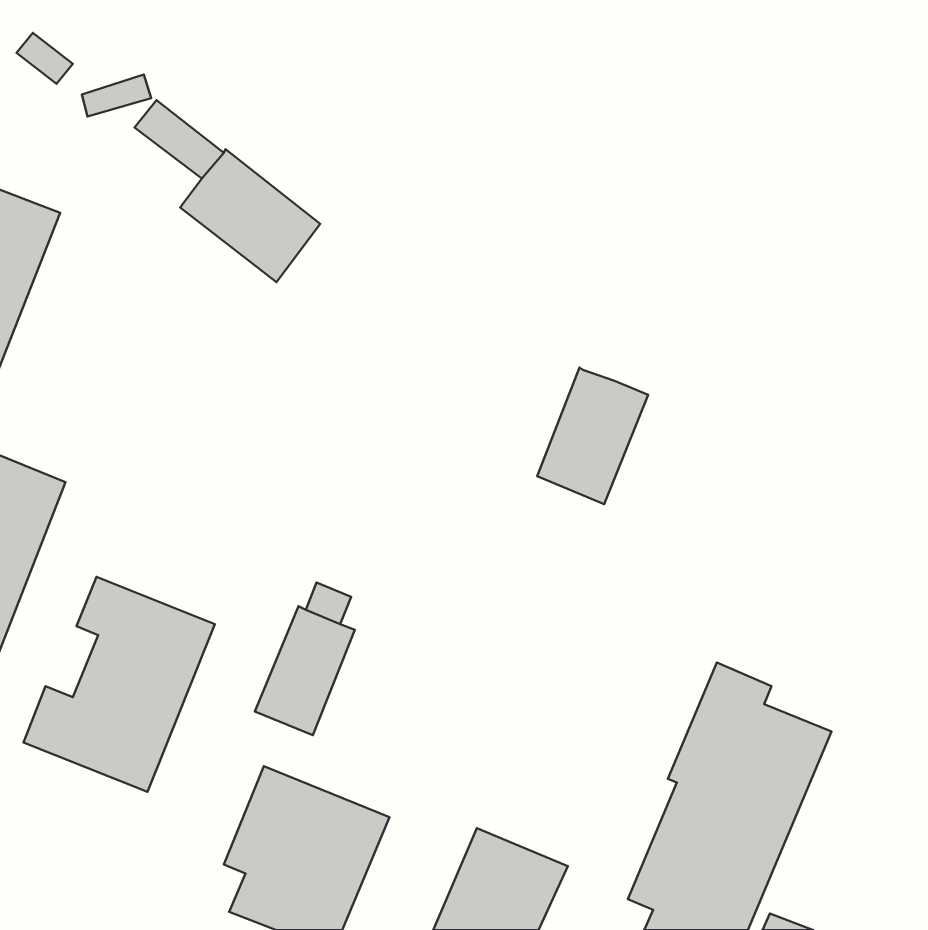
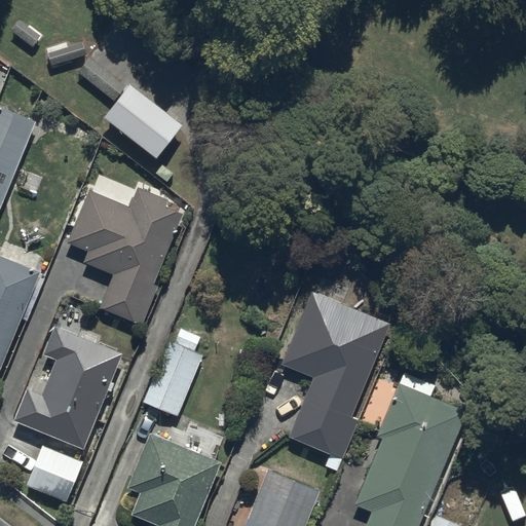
building: none -> [69,188,184,324]
building: [537,367,648,504] -> none
building: none -> [276,291,389,460]
building: none -> [25,446,81,502]

